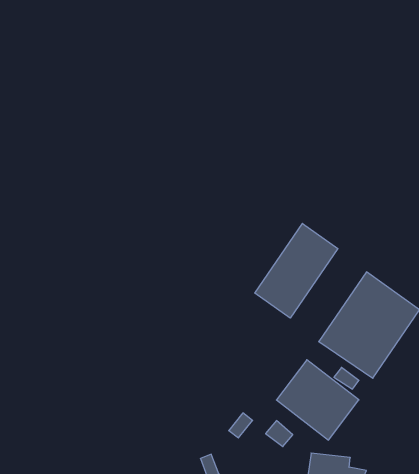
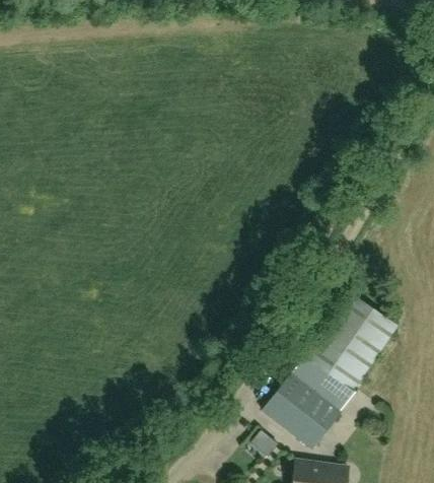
building: [255,223,338,318] -> none

